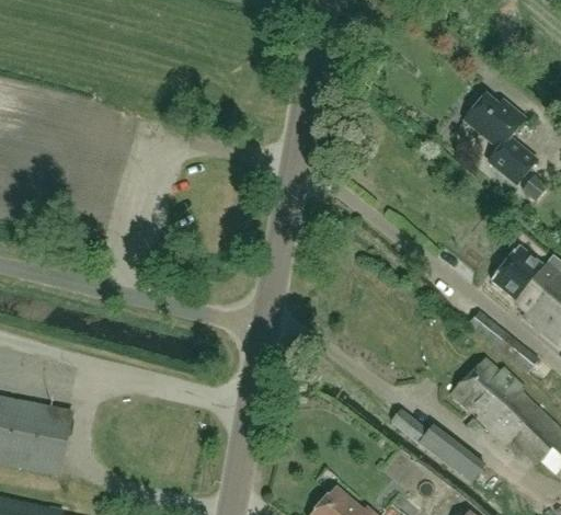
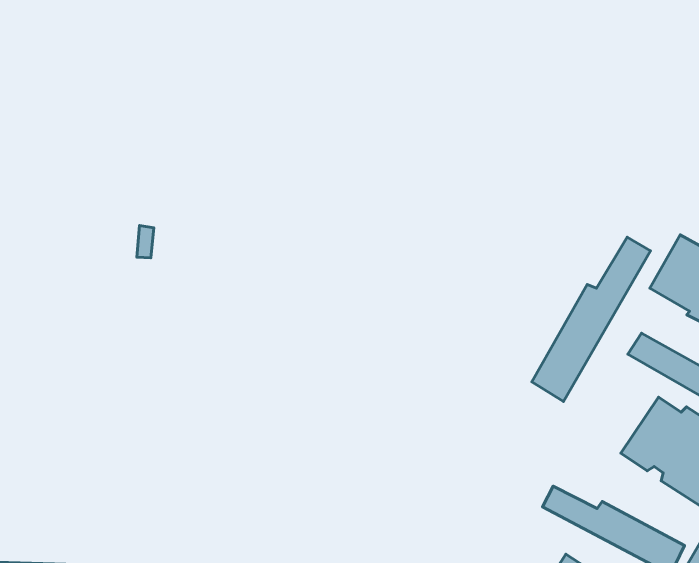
building: [463,93,539,185] -> none
building: none -> [532,237,650,402]

